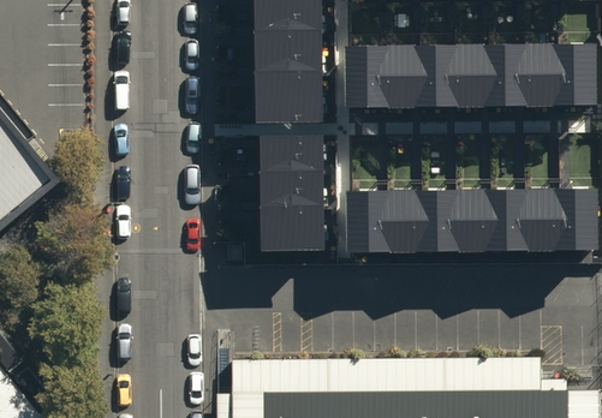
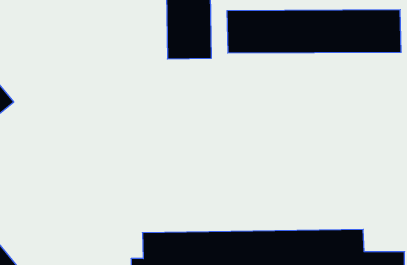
building: [261,139,324,252] -> none
building: [345,192,588,252] -> none

